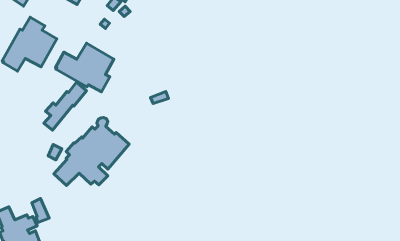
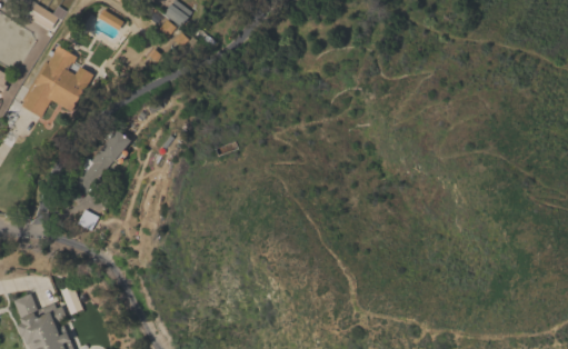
building: [56,43,114,92] -> none
building: [54,118,129,186] -> none

